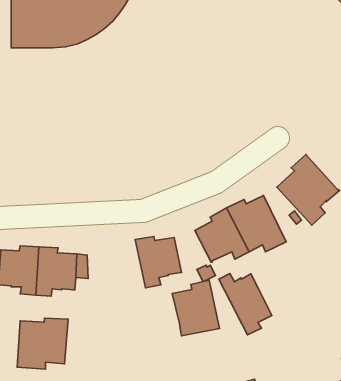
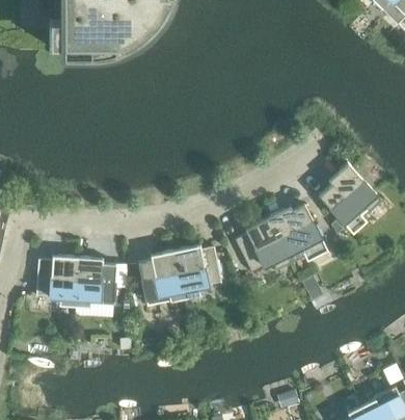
building: [219,274,272,335] -> none
building: [172,280,220,336] -> [137,250,185,306]
building: [17,318,68,369] -> none

